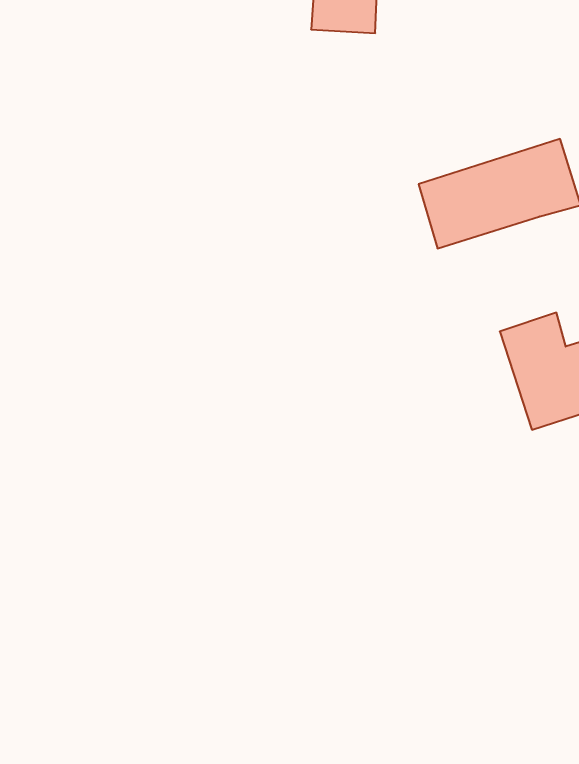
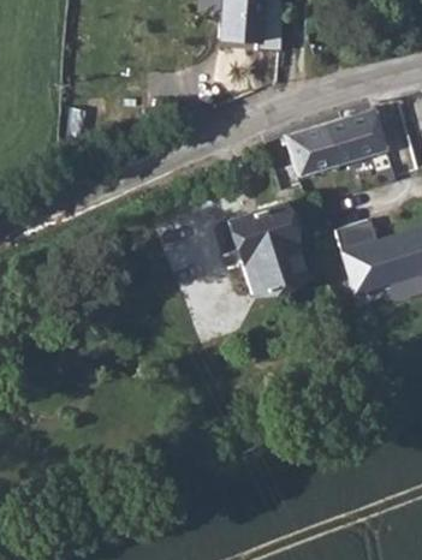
building: none -> [230,205,304,294]

